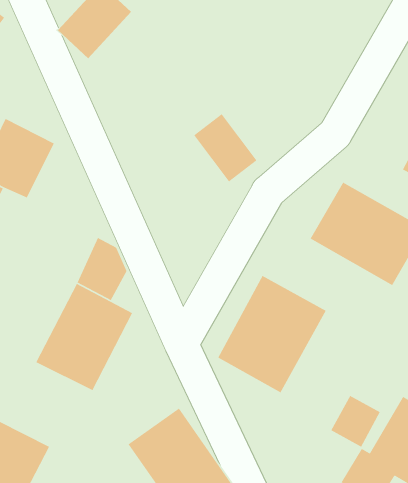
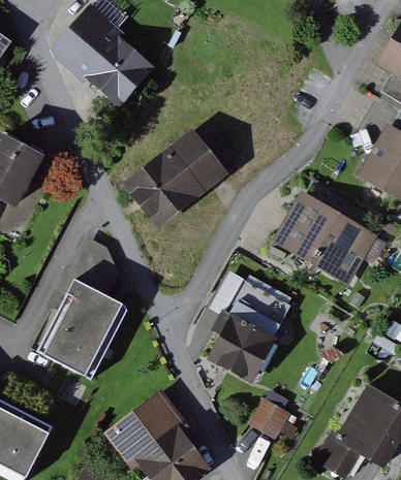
building: none -> [81,38,153,110]
building: none -> [123,149,207,230]
building: [330,395,381,448] -> [245,397,290,445]

